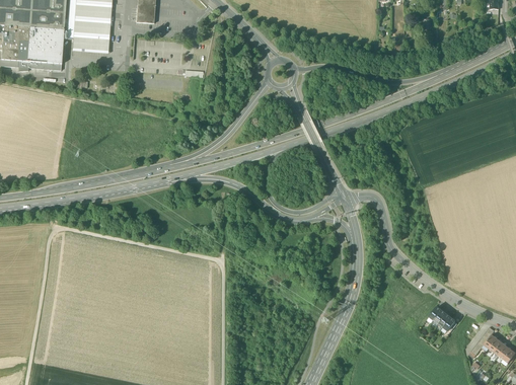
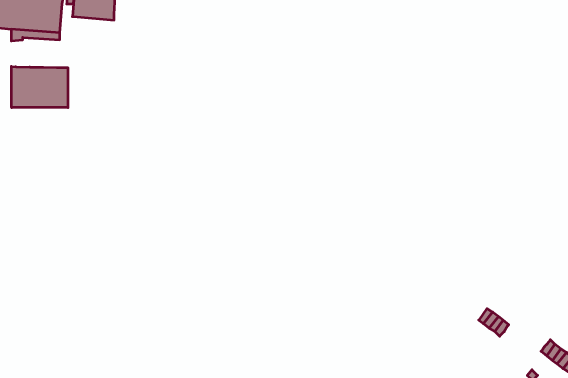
building: none -> [11,66,68,108]

